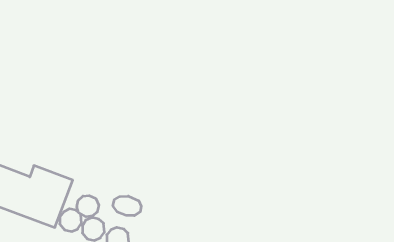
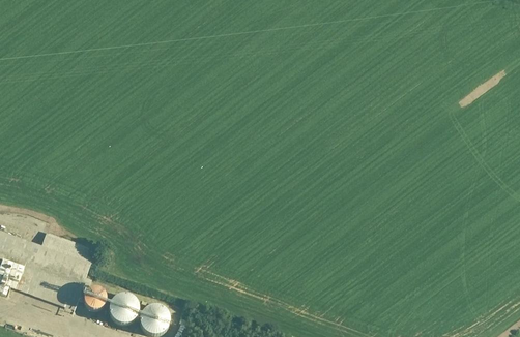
building: [77,196,99,217] -> none
building: [113,196,141,216] -> none

